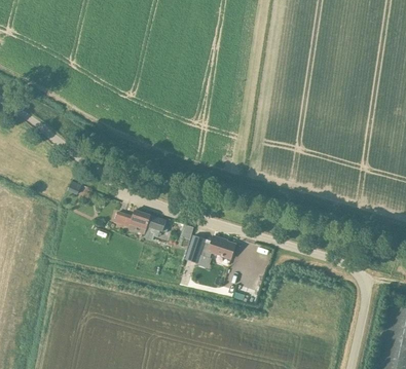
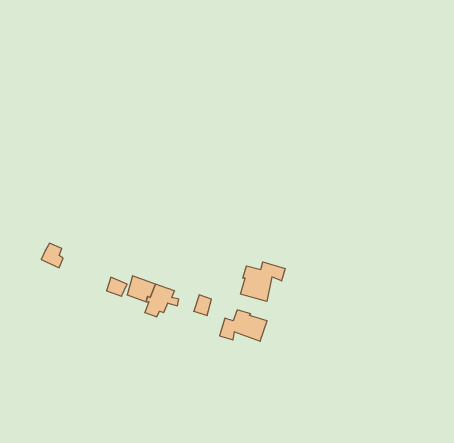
building: none -> [241,262,285,301]

